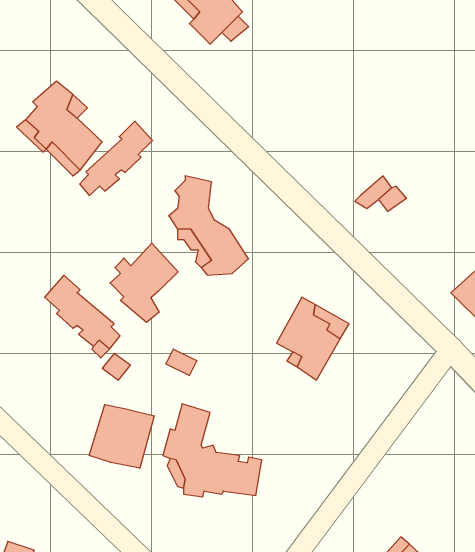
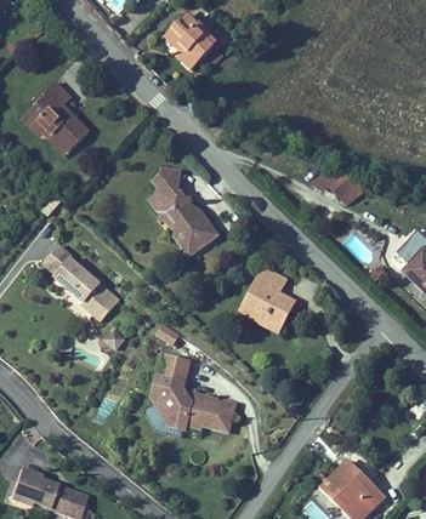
building: [80,121,153,195] -> none
building: [110,243,178,322] -> none
building: [89,404,154,468] -> none

